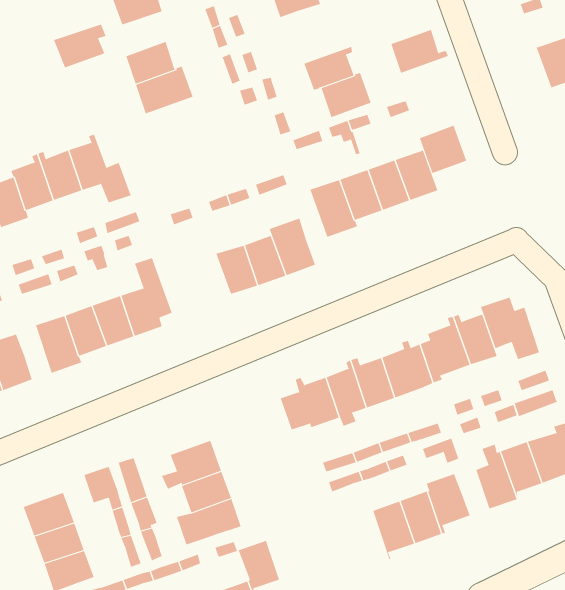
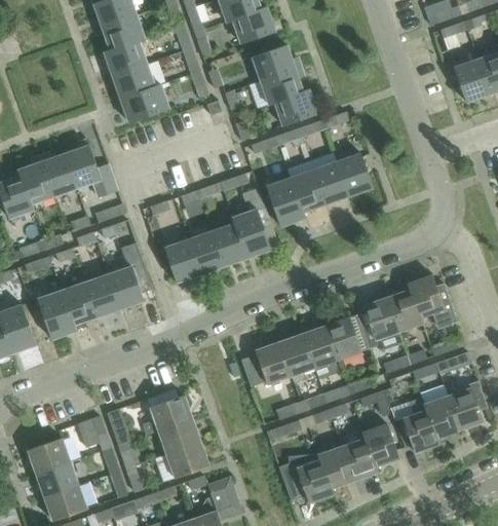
building: [53,24,106,68] -> [104,37,148,74]
building: [391,29,449,74] -> [253,43,301,80]
building: [419,125,467,174] -> none
building: none -> [164,238,200,281]
building: none -> [279,453,332,501]

